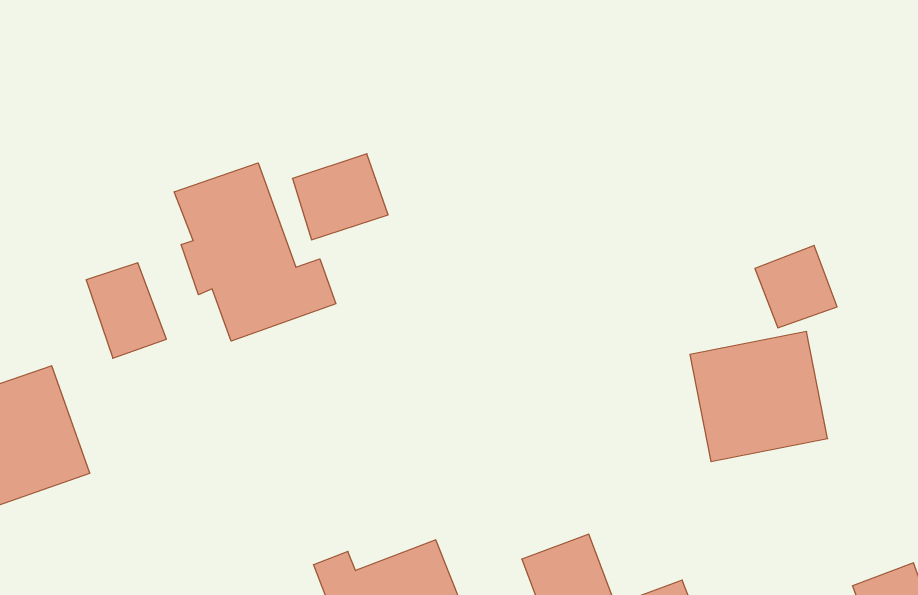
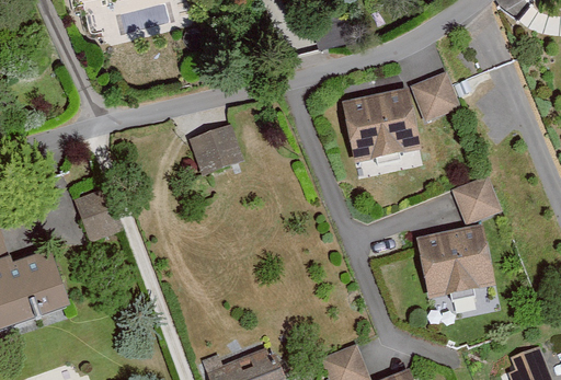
building: none -> [412,73,460,122]
building: none -> [342,90,420,163]
building: [174,163,336,341] -> none

